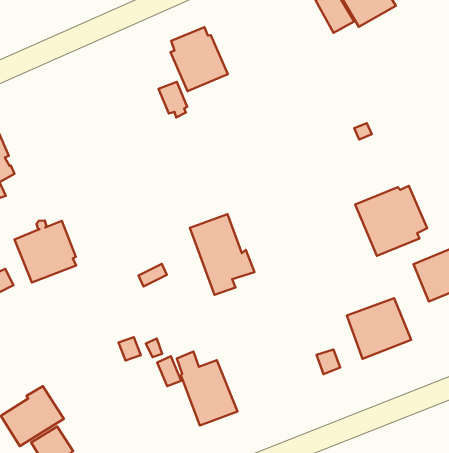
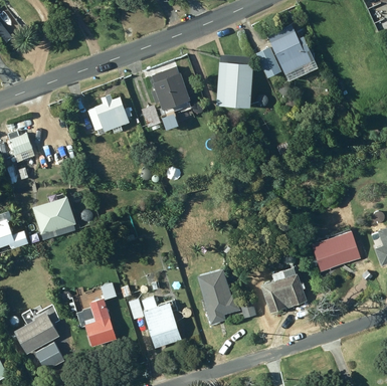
building: none -> [216,62,253,109]
building: none -> [94,94,132,132]
building: [355,186,427,256] -> none
building: [190,214,254,295] -> [197,268,240,325]
building: none -> [76,299,117,347]

